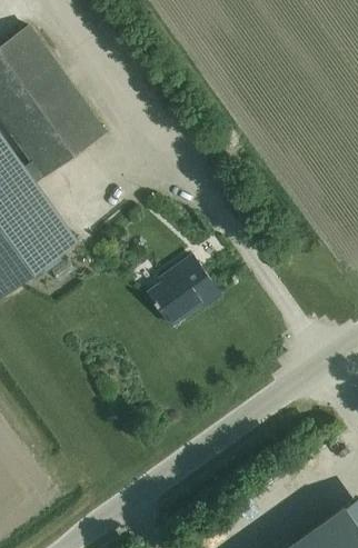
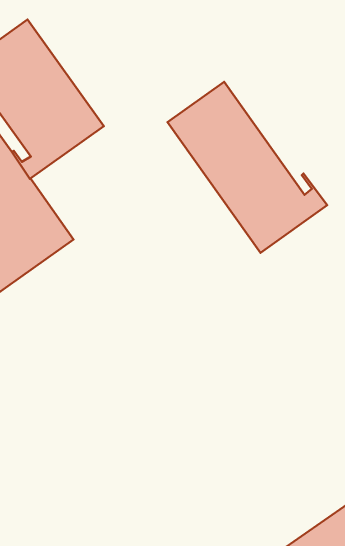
building: none -> [167,82,327,253]
building: [150,256,221,323] -> none

